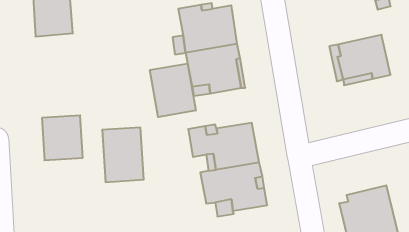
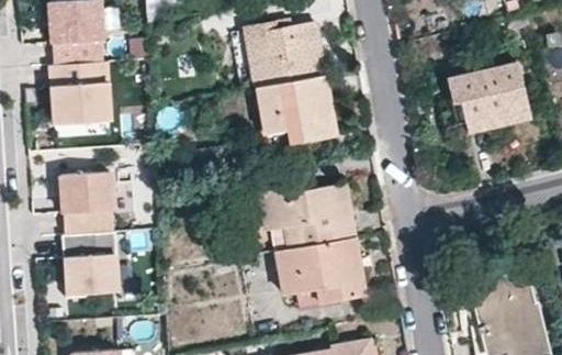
building: none -> [54,62,109,125]
building: [150,63,196,117] -> none
building: [102,128,144,182] -> [66,230,122,303]

